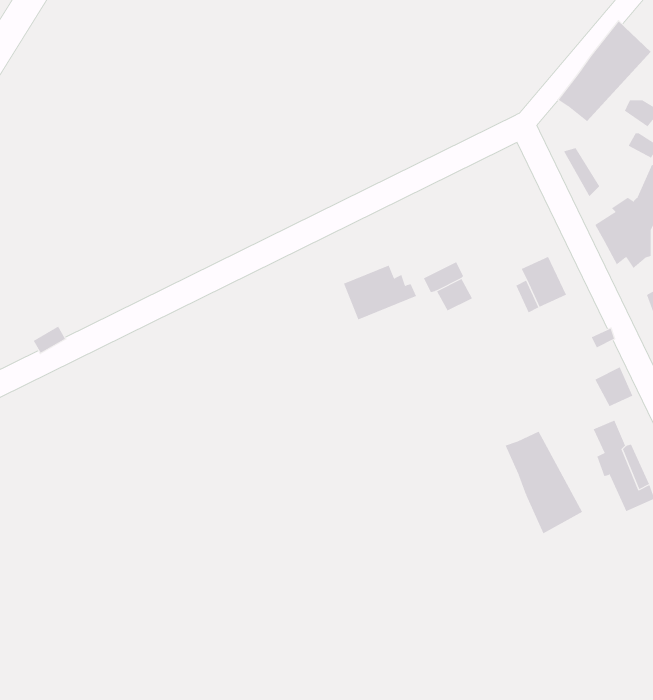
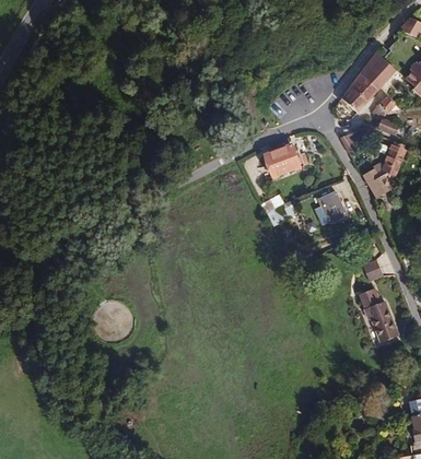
building: [343,265,417,320] -> [264,144,307,177]
building: [505,431,583,534] -> none

